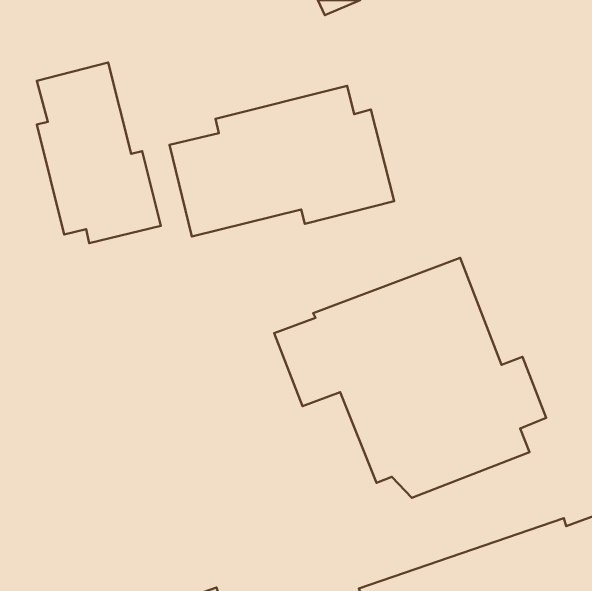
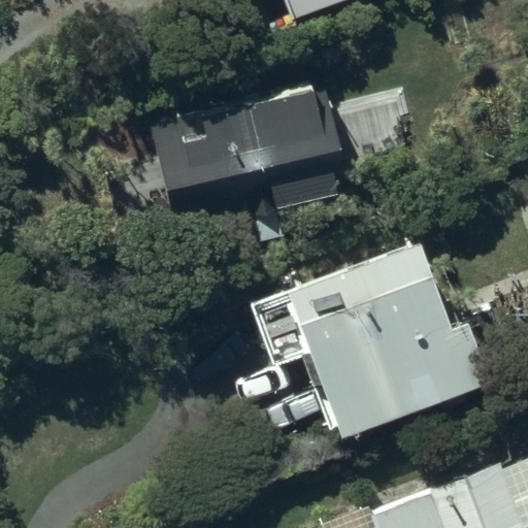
building: [37,63,161,243] -> none

